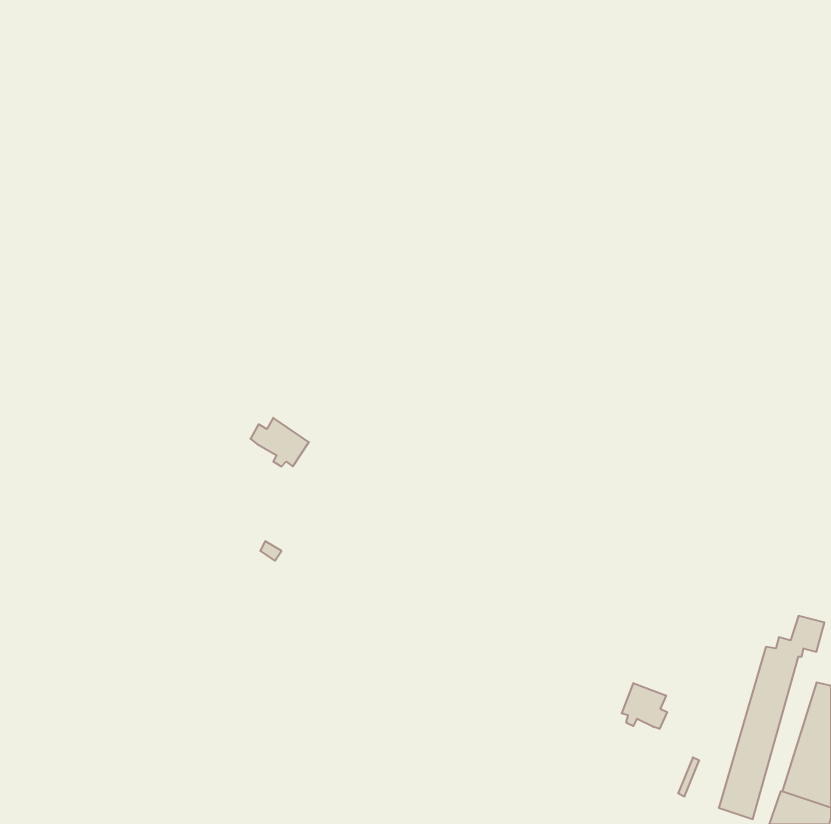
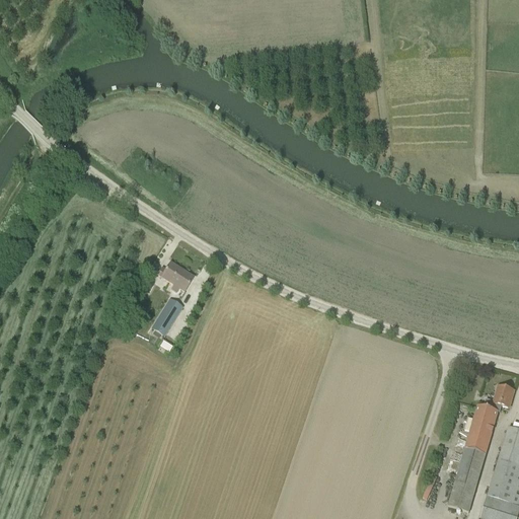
building: none -> [150,297,182,335]
building: [622,683,667,729] -> none

